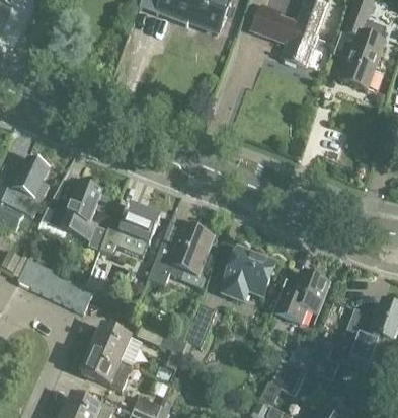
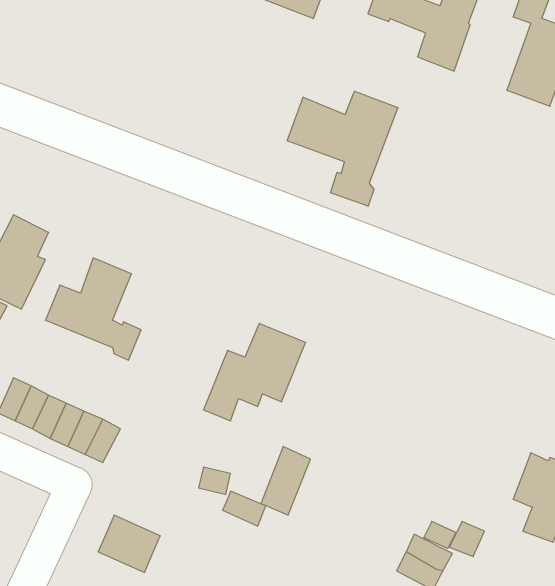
building: none -> [287,91,398,206]
building: [99,205,160,257] -> none
building: [223,248,276,301] -> none
building: [273,271,328,323] -> none
building: [91,325,131,360] -> none

